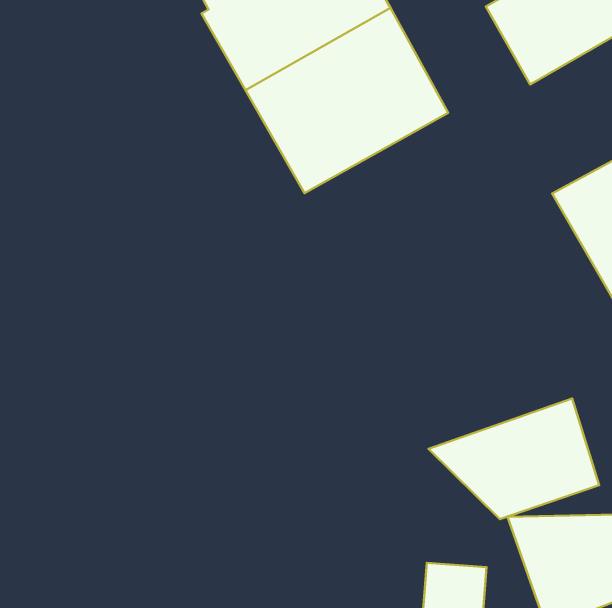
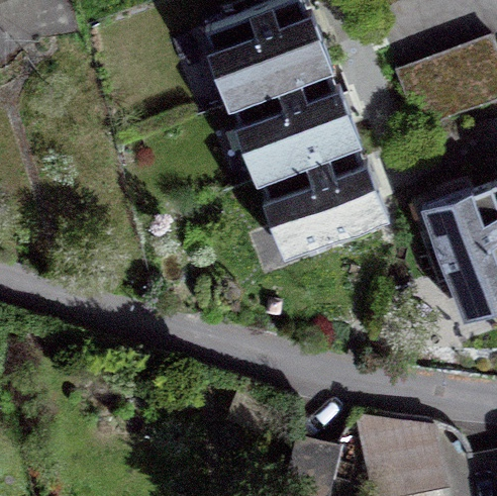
building: none -> [256,143,389,259]
building: [428,399,599,519] -> none

